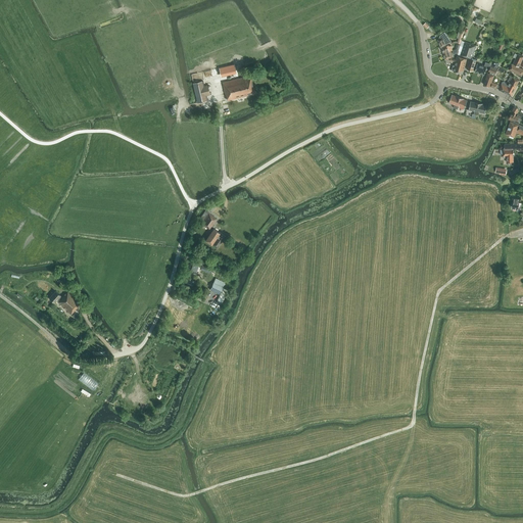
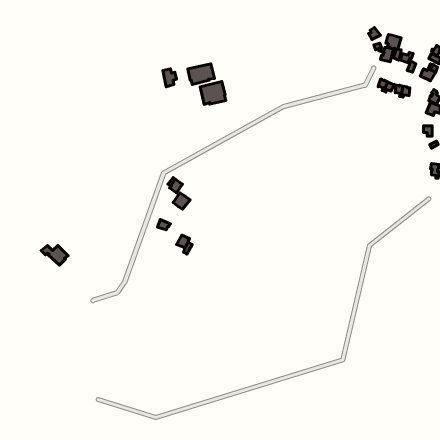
building: none -> [200,81,226,105]

